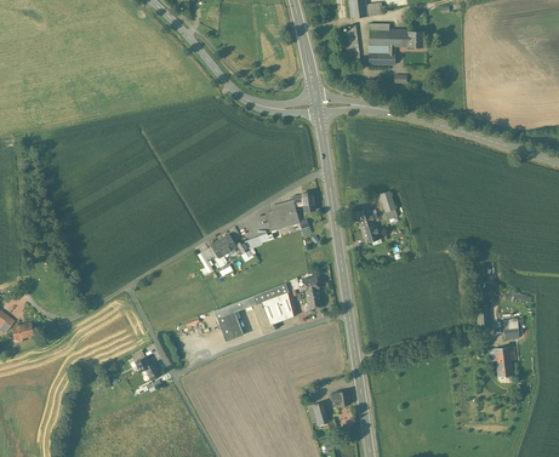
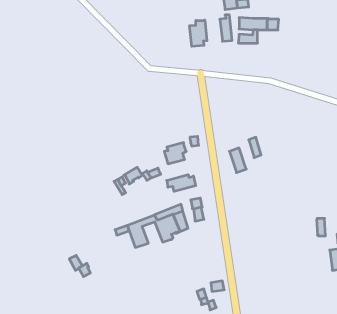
building: none -> [190,20,207,46]
building: none -> [167,175,196,191]

